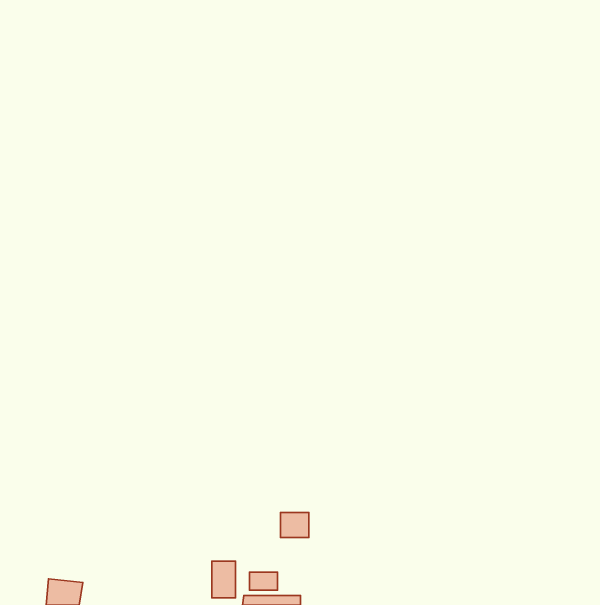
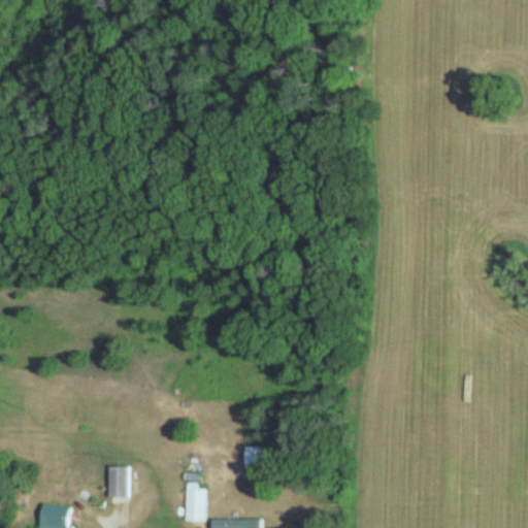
building: none -> [108,467,128,498]
building: [249,572,277,590] -> none

